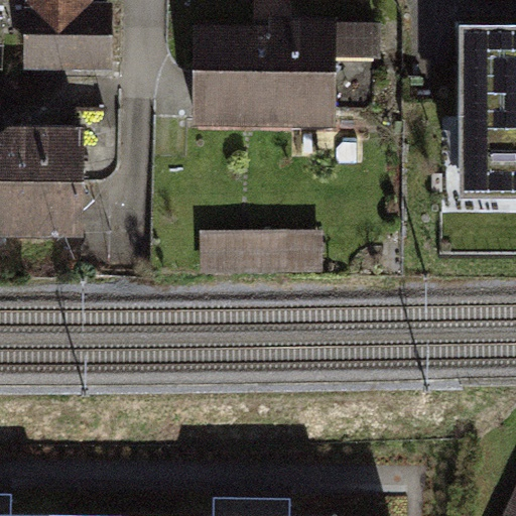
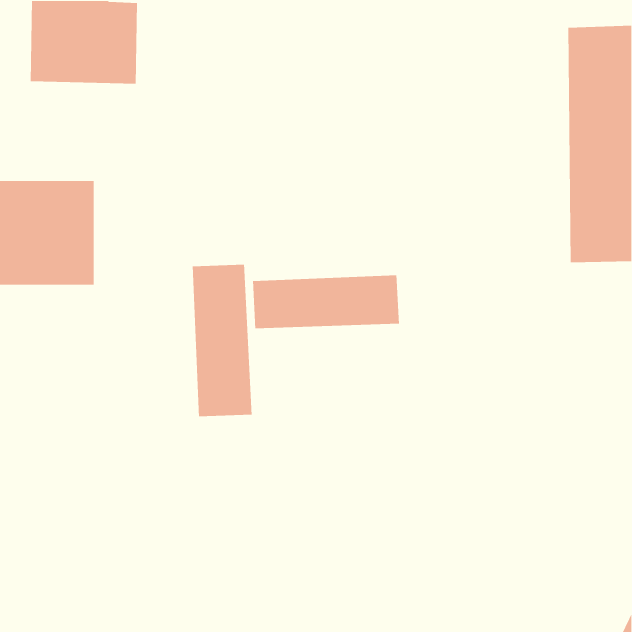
building: [199,36,340,121] -> none
building: none -> [192,264,253,417]

